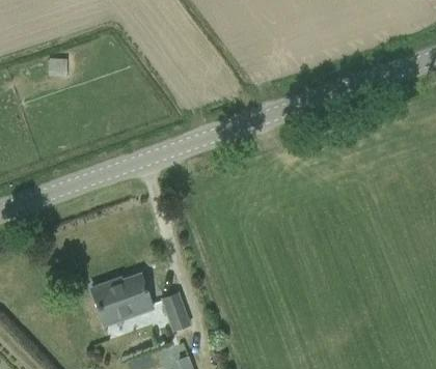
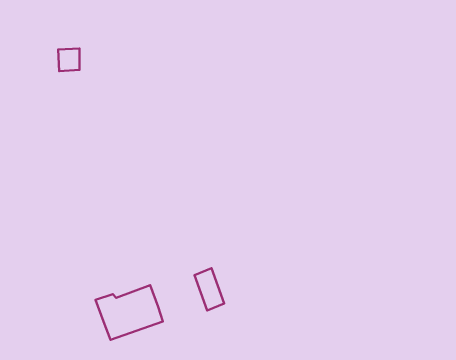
building: [162,293,189,332] -> [195,268,224,310]

